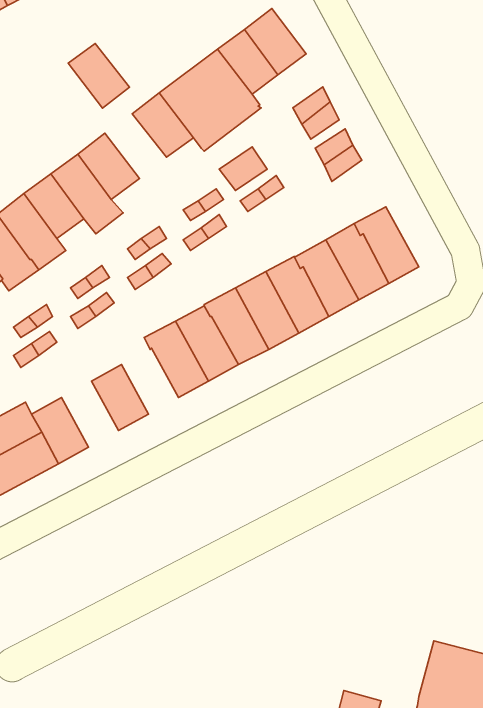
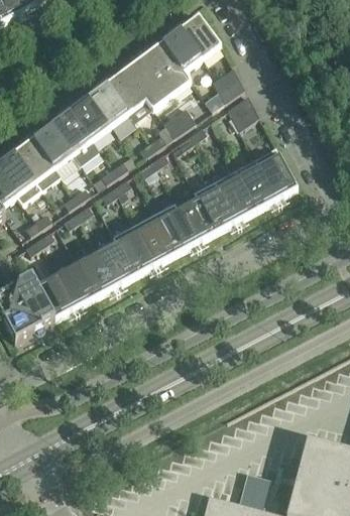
building: [68,44,130,108] -> [87,85,128,128]
building: none -> [98,242,136,286]
building: none -> [57,264,96,308]

